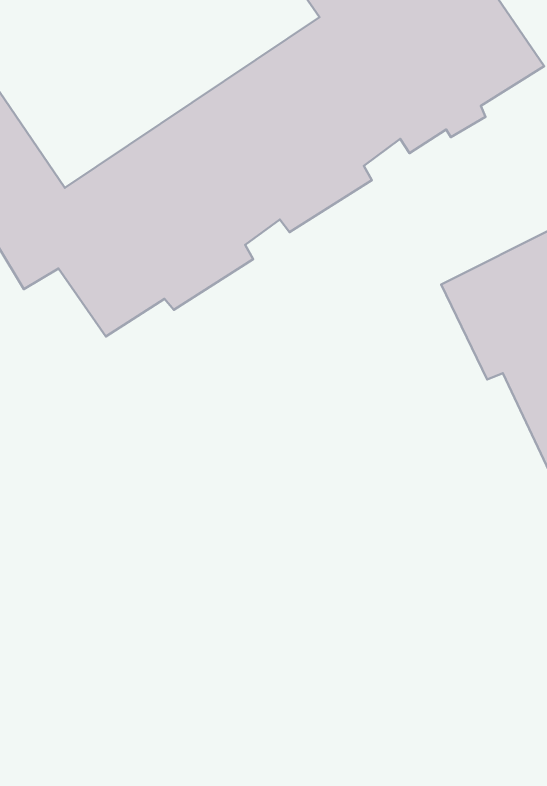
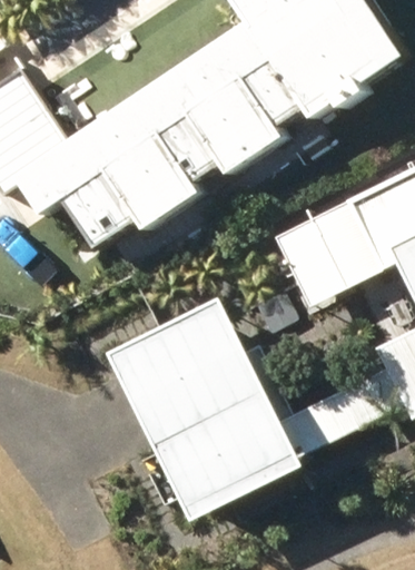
building: none -> [113,301,281,485]

